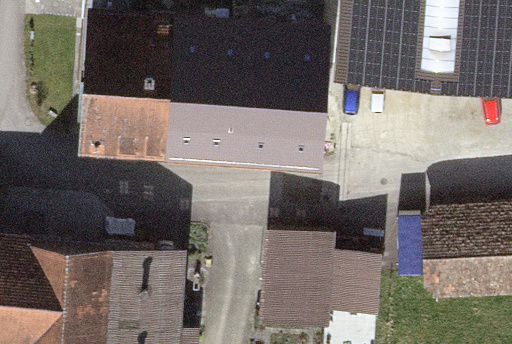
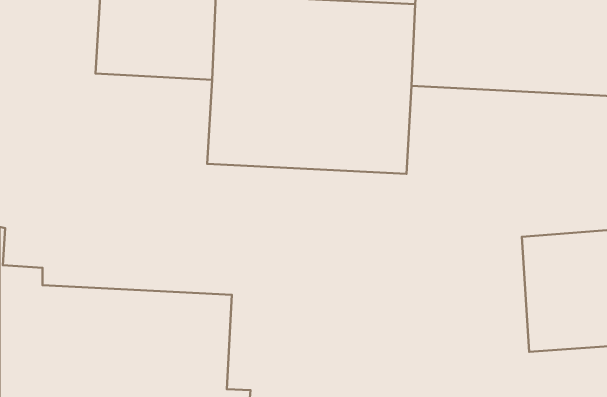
building: [75,74,172,147] -> none
building: [268,233,382,325] -> none

